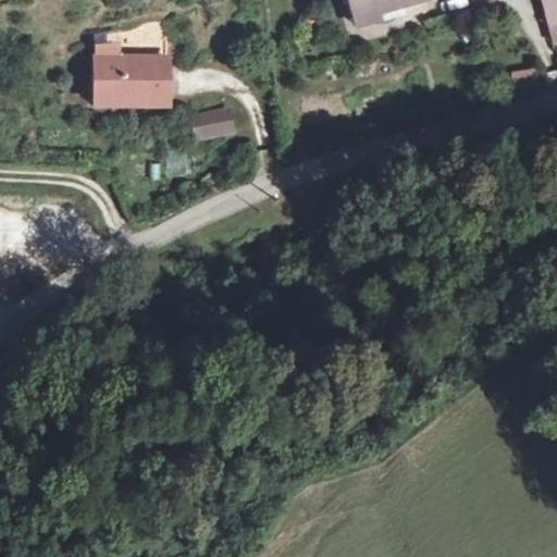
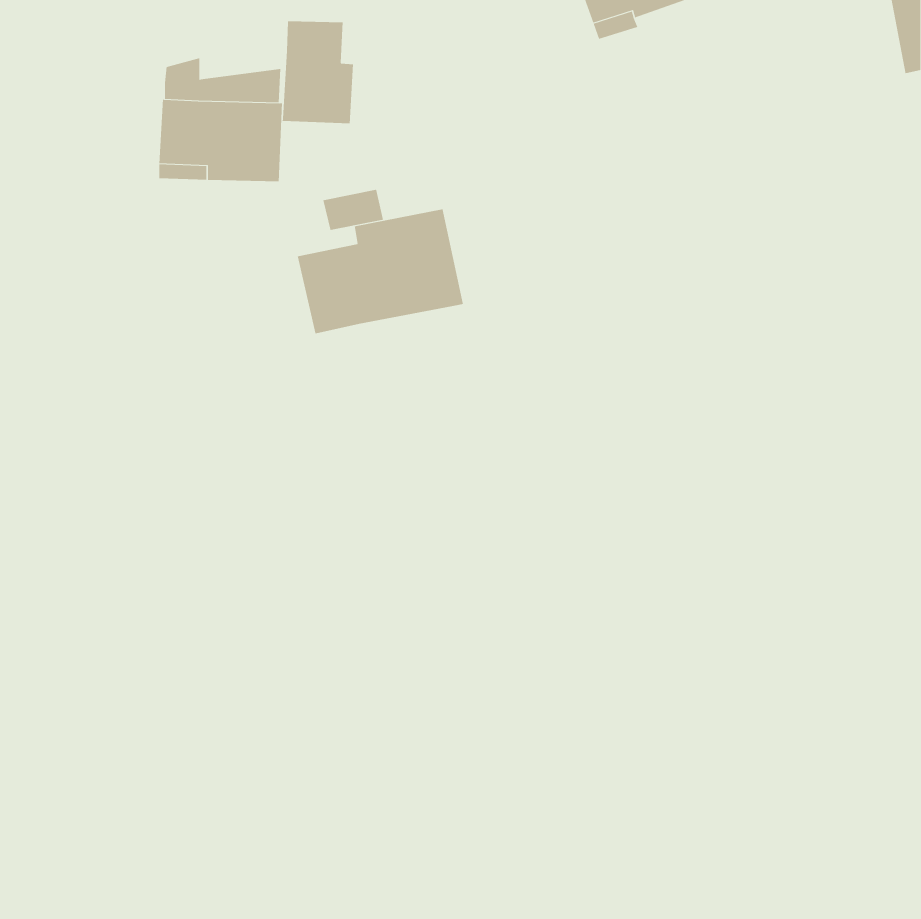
building: none -> [282,20,354,124]
building: none -> [297,209,464,334]

